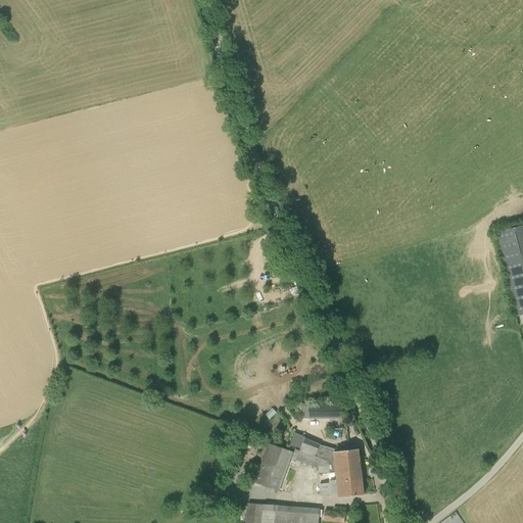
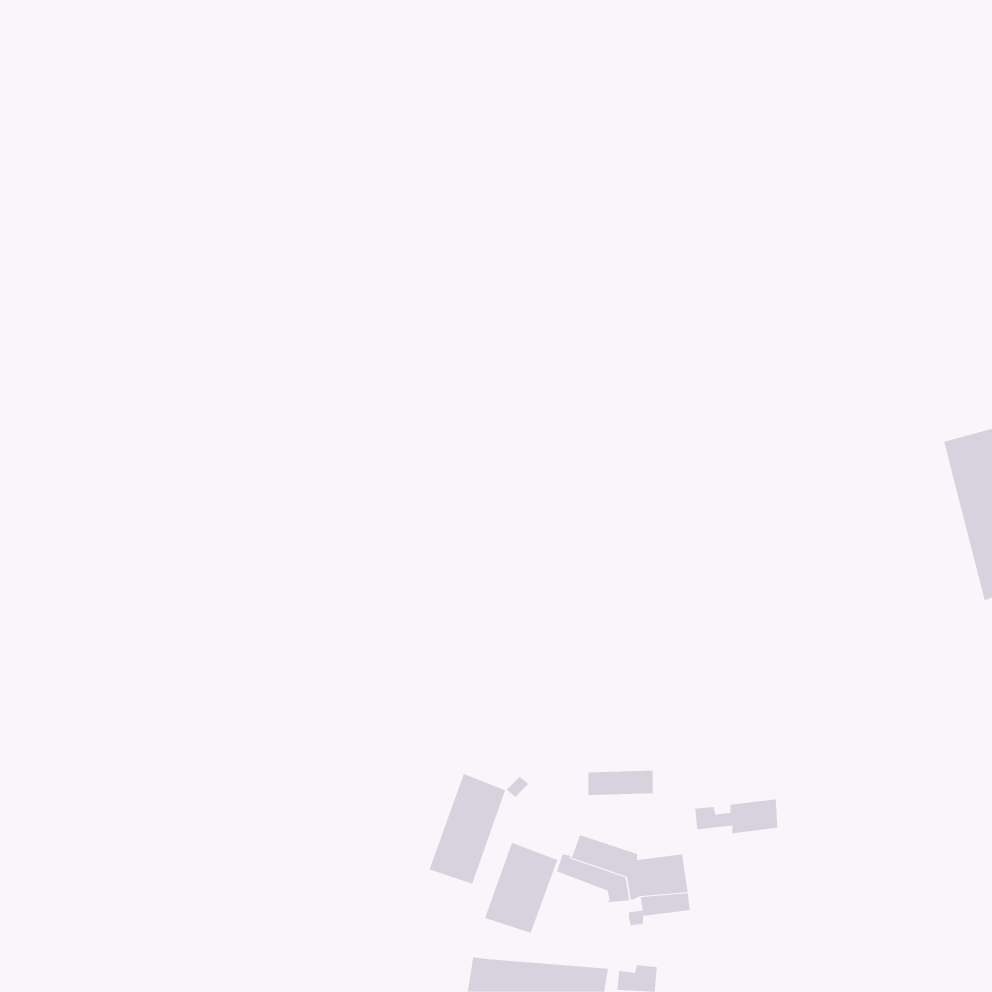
building: none -> [429,773,506,885]
building: [321,478,365,496] -> [695,799,778,834]

